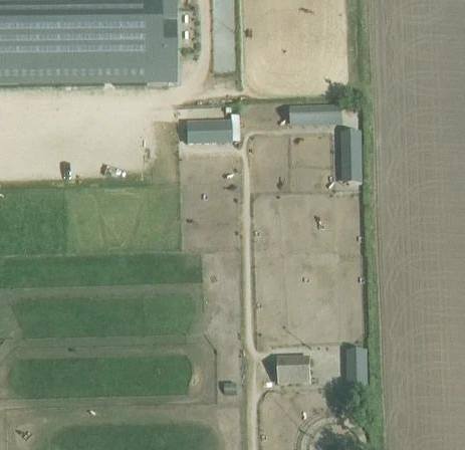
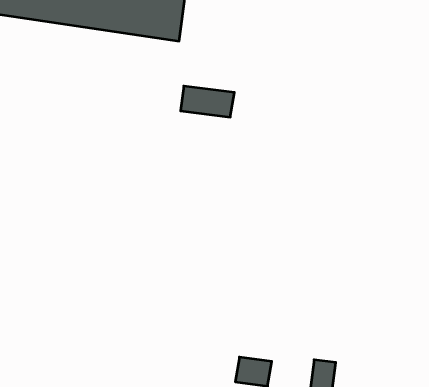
building: [289,104,341,126] -> none
building: [341,131,363,184] -> none

